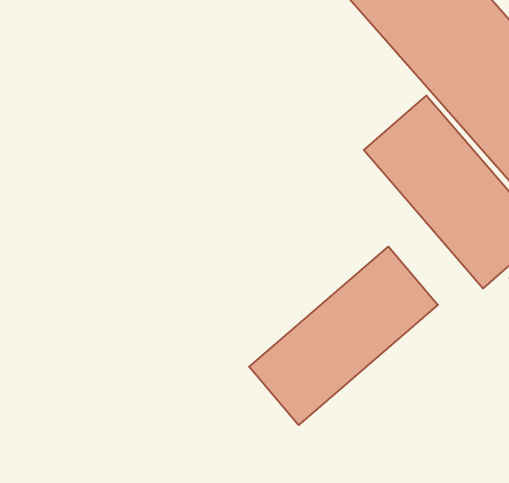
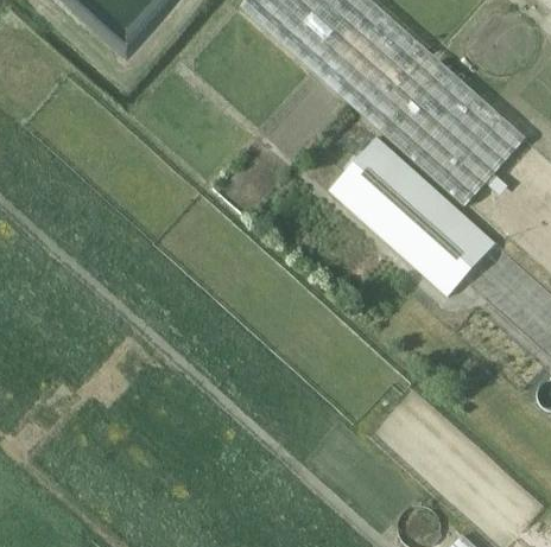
building: [249,247,438,425] -> none

